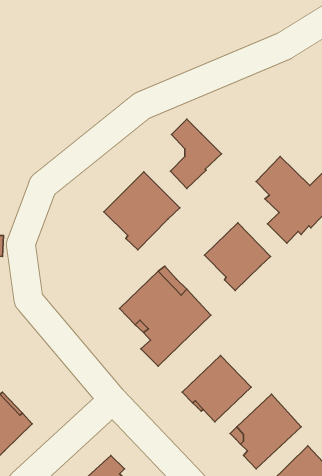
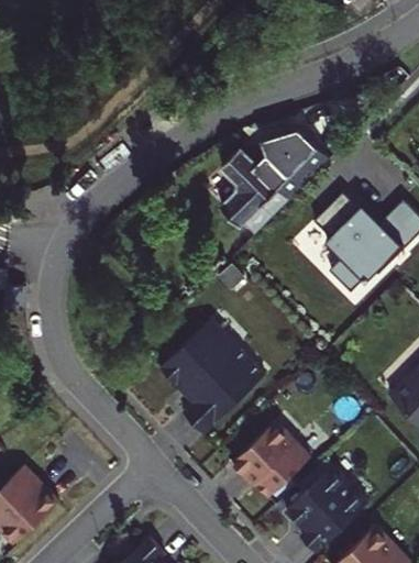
building: none -> [254,129,327,199]
building: [104,172,180,250] -> none
building: [205,223,270,290] -> none

